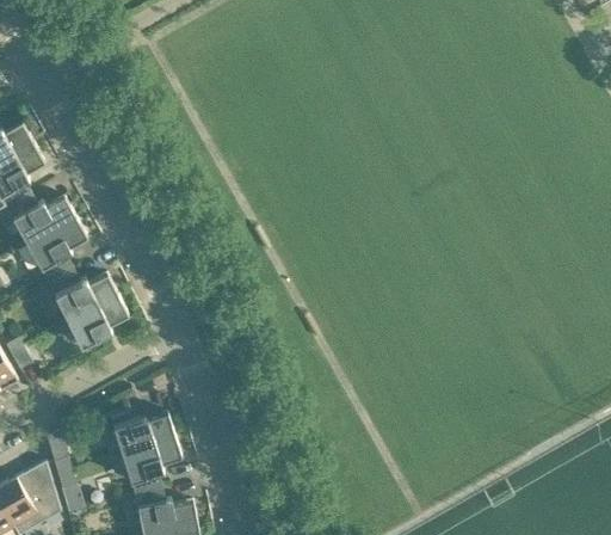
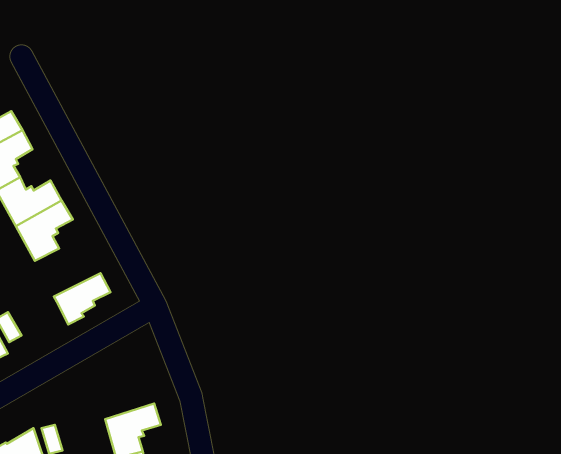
building: [47,270,117,321] -> none
building: [111,414,174,453] -> none

